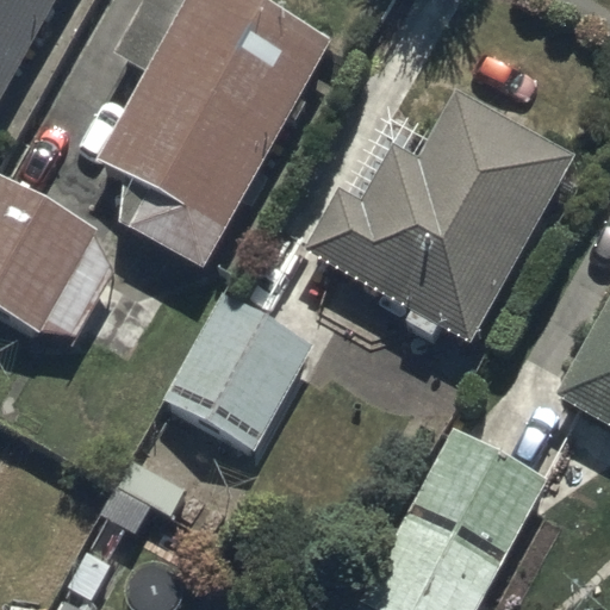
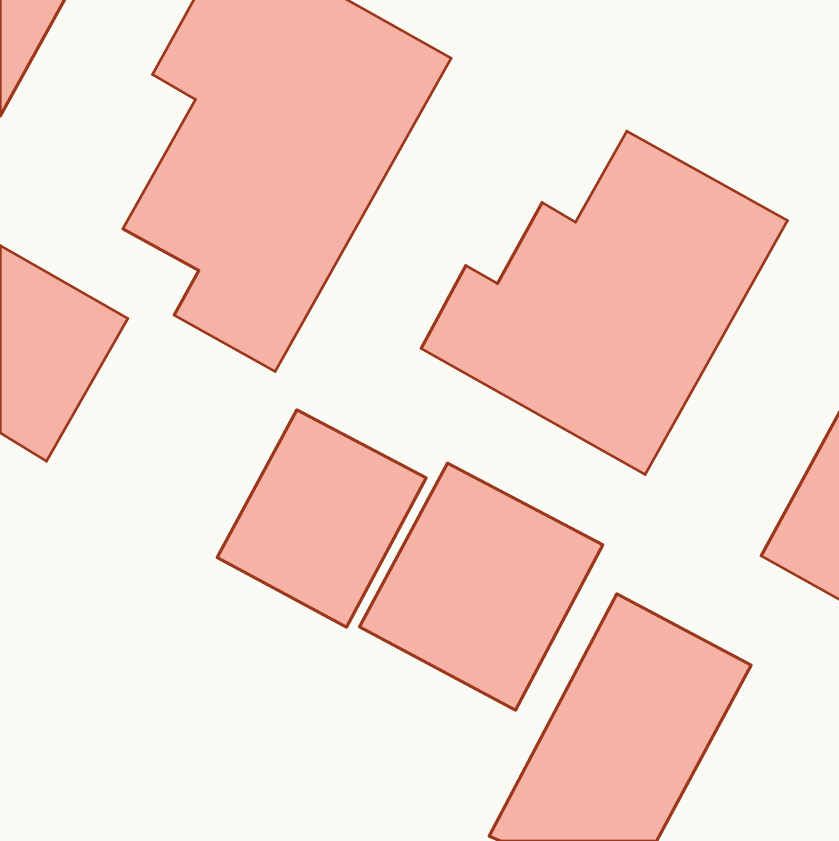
building: none -> [359,463,603,710]

